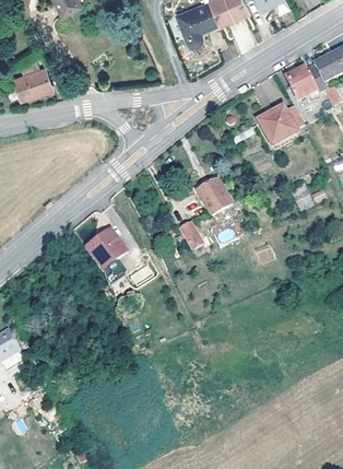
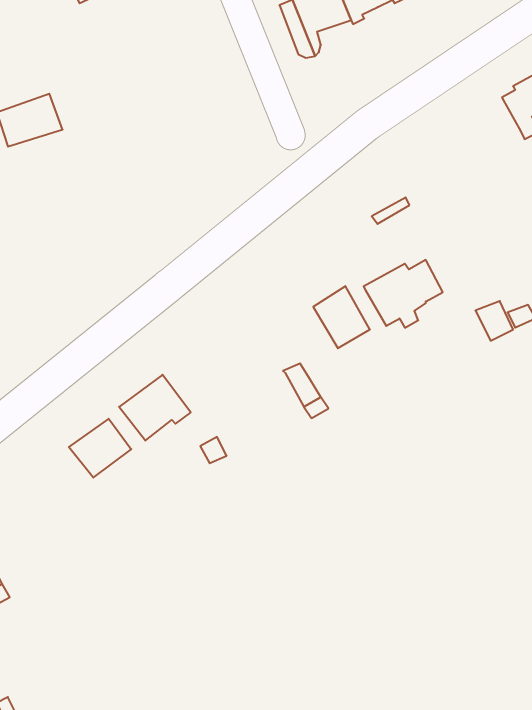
building: [285,67,318,99] -> none
building: [259,106,305,145] -> [364,260,443,328]
building: none -> [69,419,131,478]

